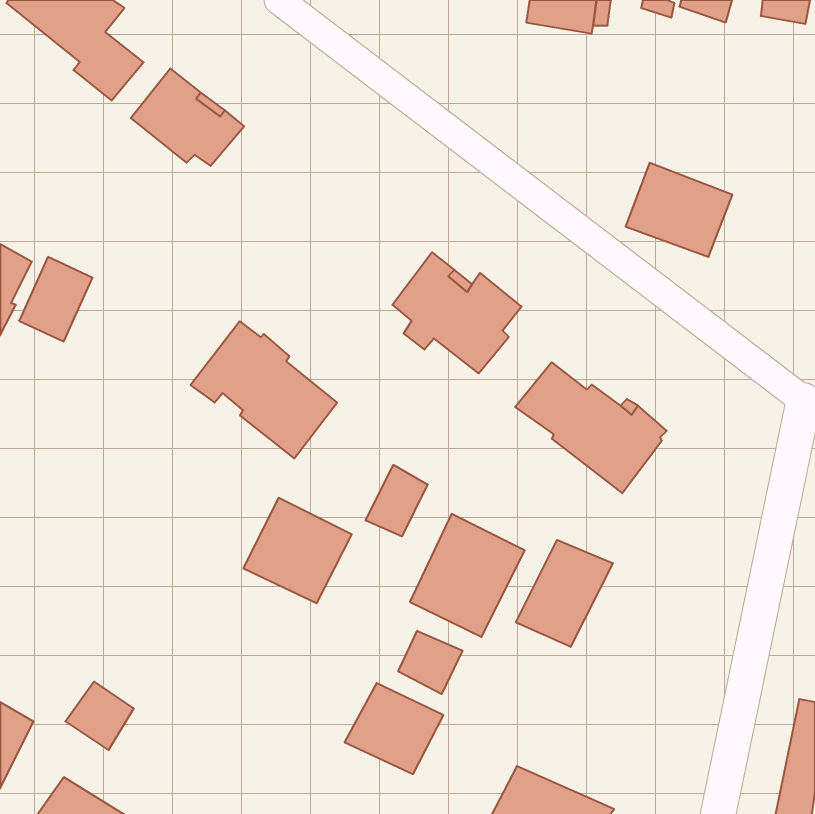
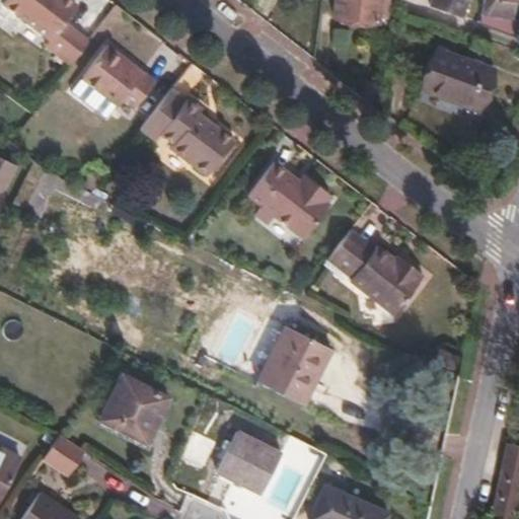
building: [626,163,732,257] -> [425,50,493,109]
building: [191,321,337,458] -> [141,87,234,174]
building: [366,465,428,536] -> none
building: [243,498,352,603] -> [102,376,171,443]
building: [516,540,613,647] -> none
building: [398,631,462,694] -> none

